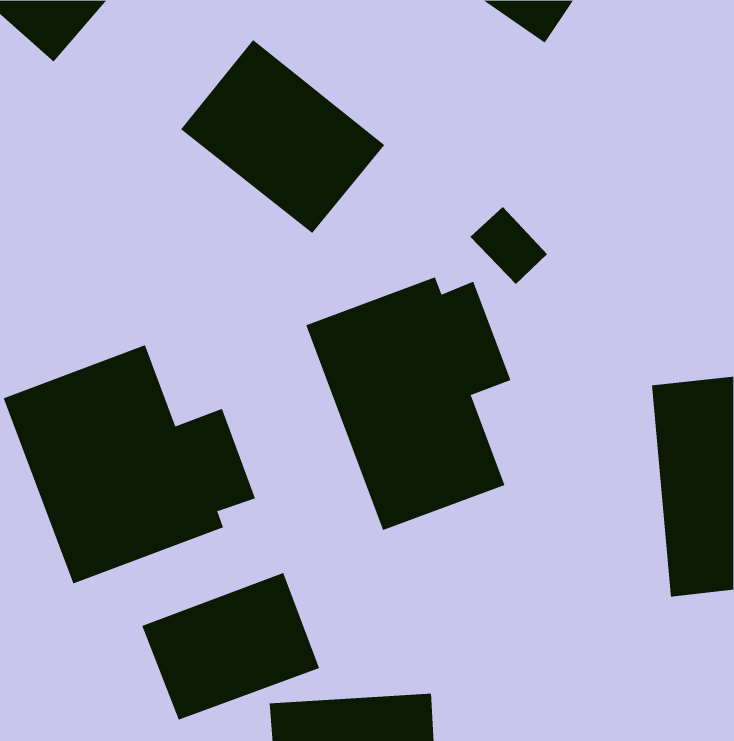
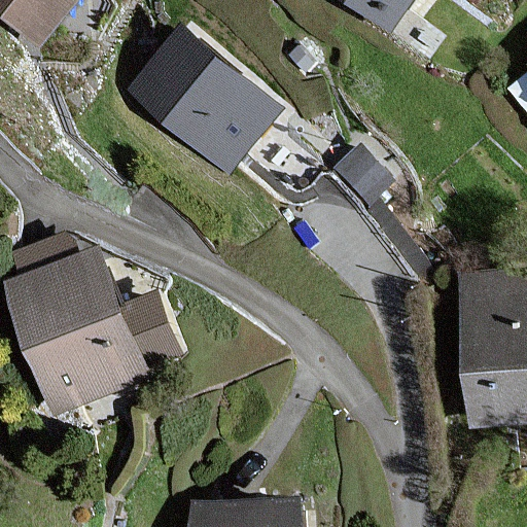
building: [306,276,511,531] -> none
building: [142,572,320,720] -> none

